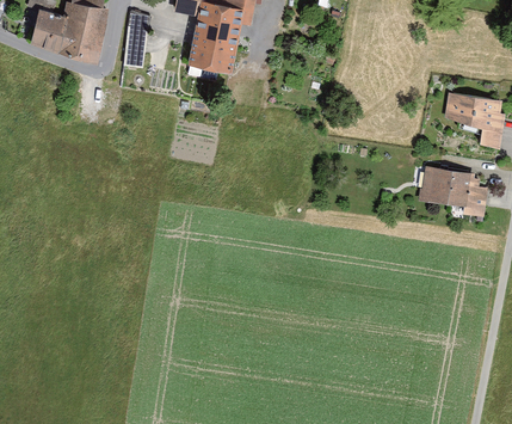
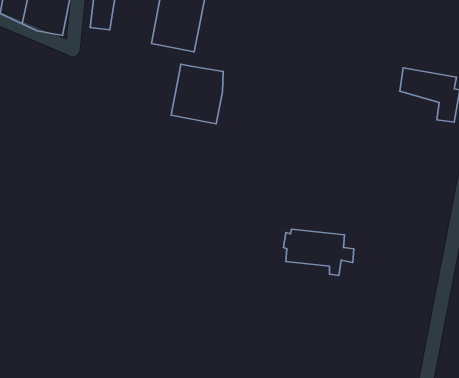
building: none -> [171,64,223,124]
building: [417,168,489,216] -> [283,229,354,275]

